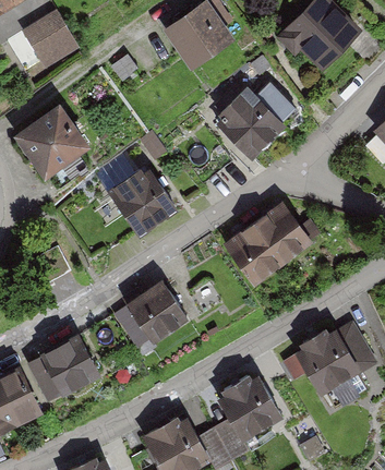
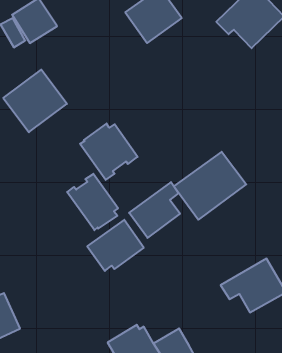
building: [218,85,287,157] -> none
building: none -> [67,174,118,230]
building: none -> [129,182,180,238]
building: [27,339,100,407] -> none
building: [218,372,285,439] -> none

